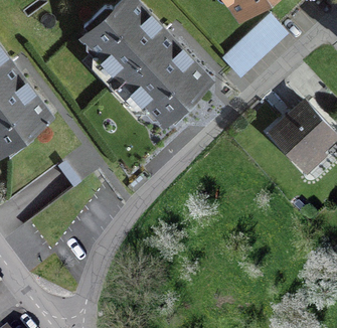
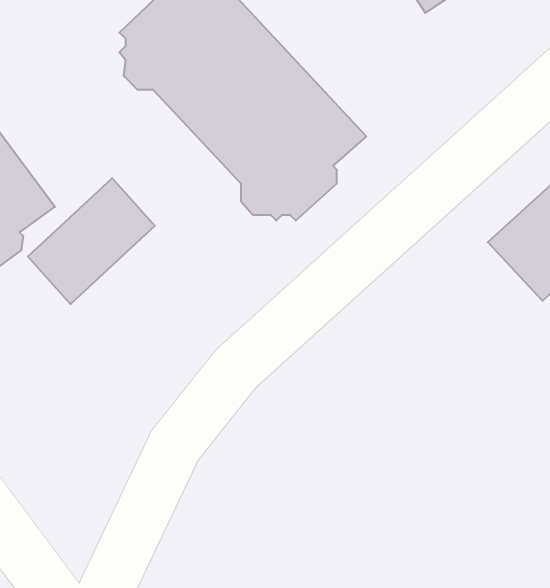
building: [222,14,286,75] -> none
building: none -> [28,178,155,304]

